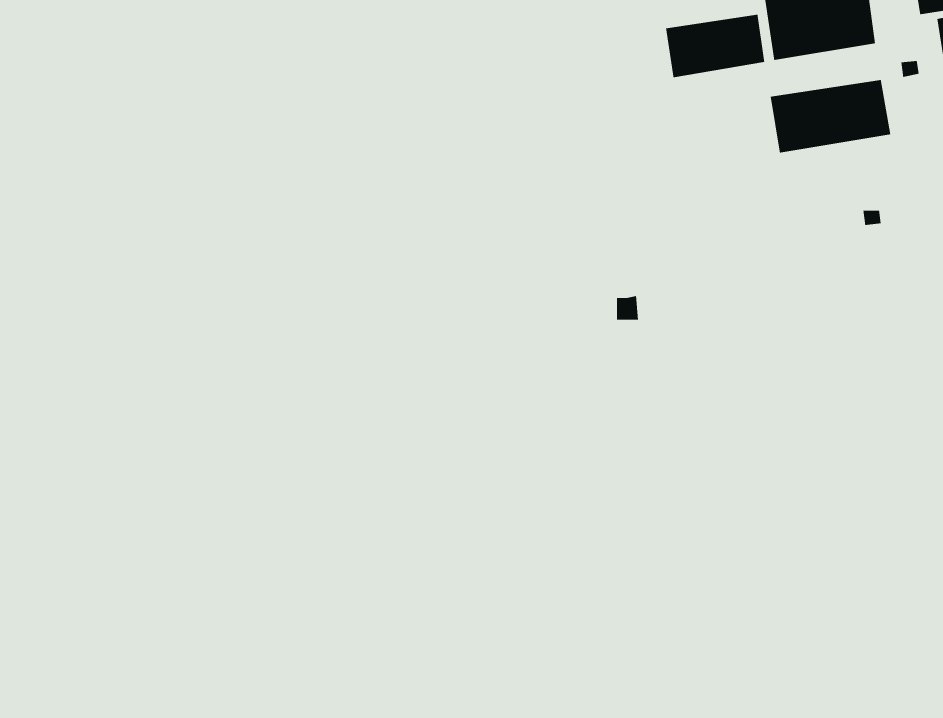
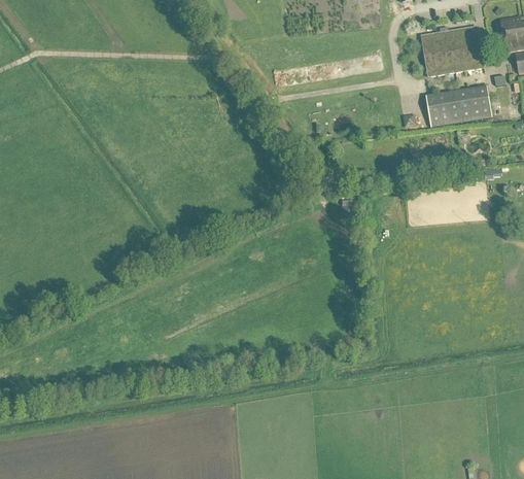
building: [666,14,765,78] -> none

